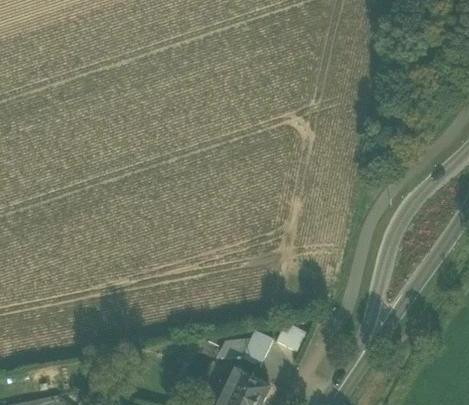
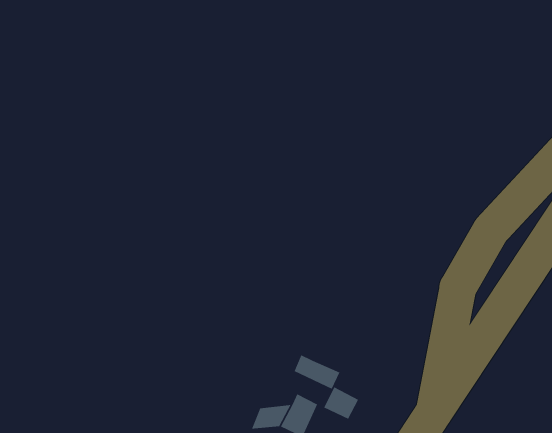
building: none -> [293,354,340,390]

